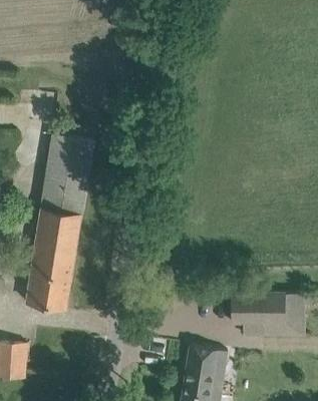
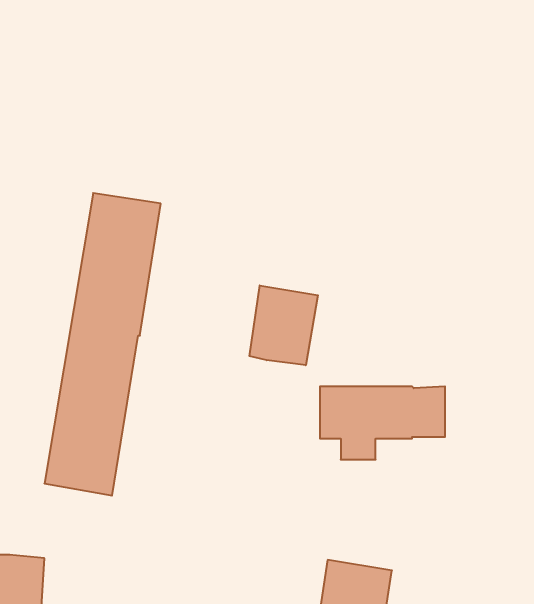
building: none -> [249,285,318,365]
building: [231,293,303,335] -> [320,386,445,460]

